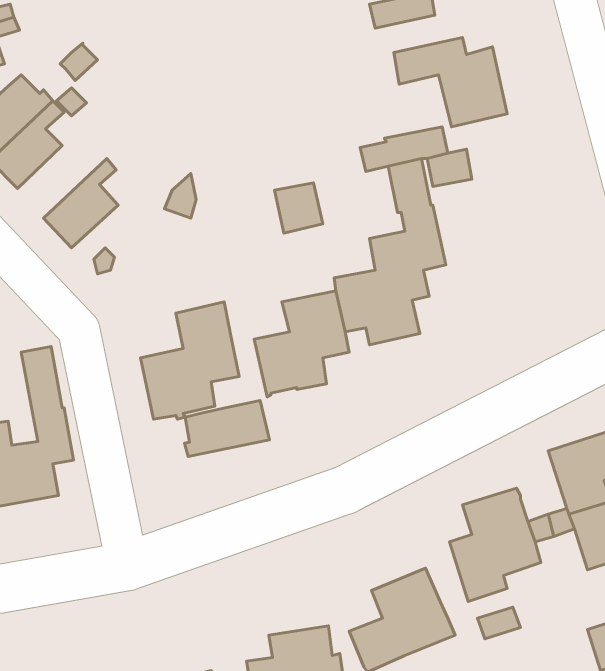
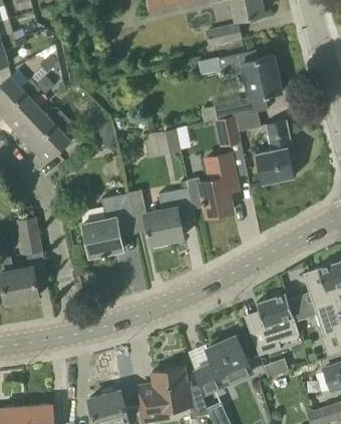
building: none -> [16,109,64,148]
building: none -> [255,120,295,184]
building: [184,400,269,457] -> none

